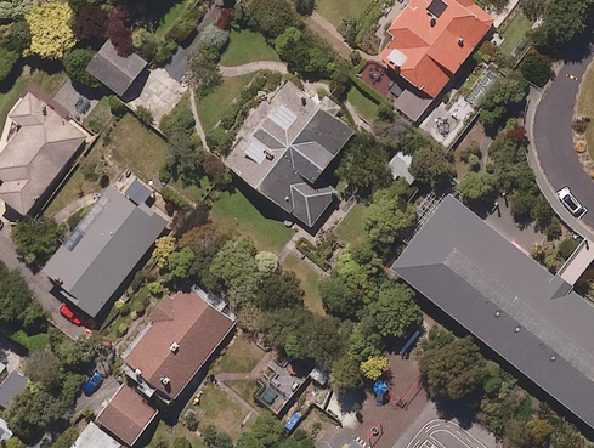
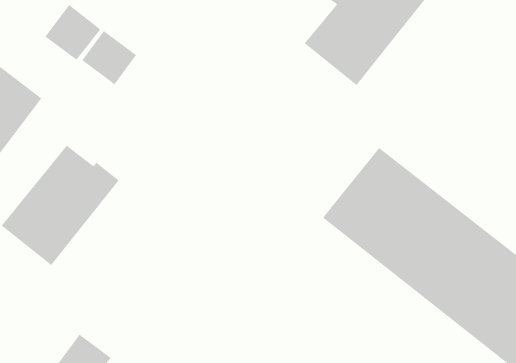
building: none -> [82,30,137,85]
building: [227,83,356,228] -> none
building: [124,283,234,399] -> none

